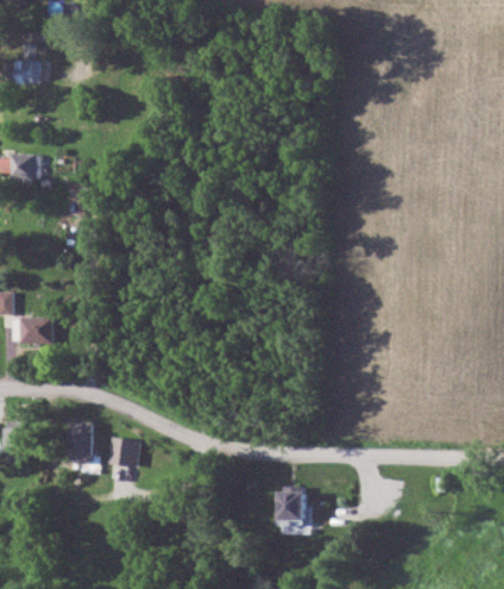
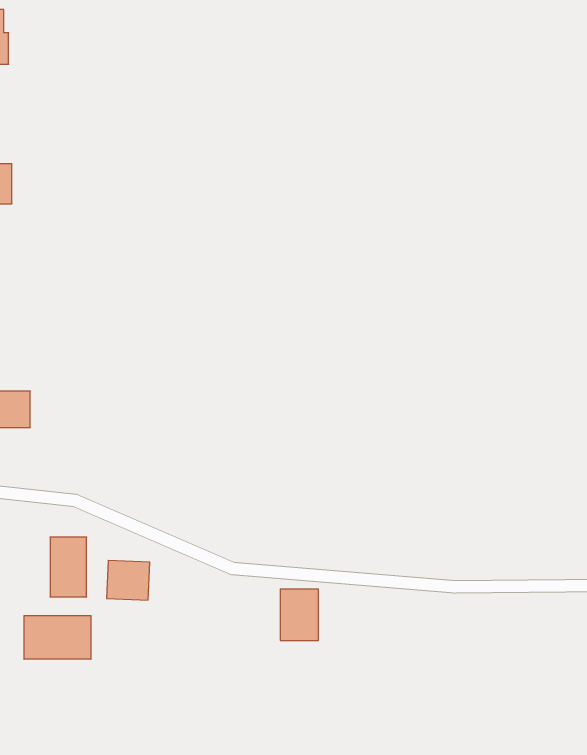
building: none -> [24,616,91,659]
building: [283,489,310,526] -> [280,589,318,640]

